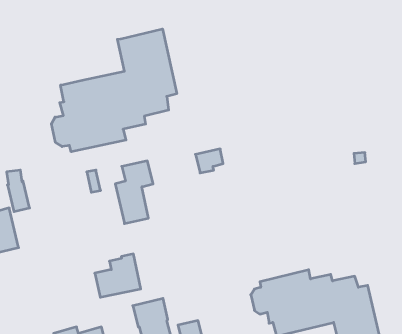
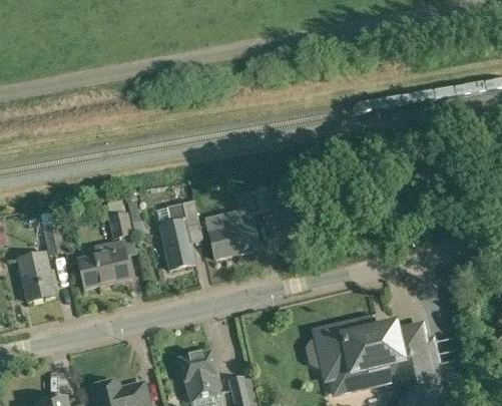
building: [51,29,177,152] -> none
building: none -> [206,221,258,258]
building: [95,254,141,297] -> [78,239,128,286]

